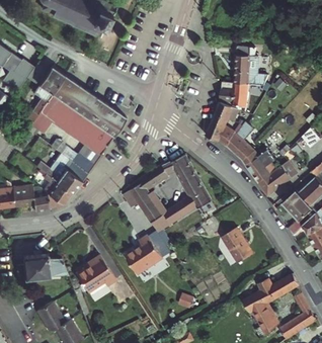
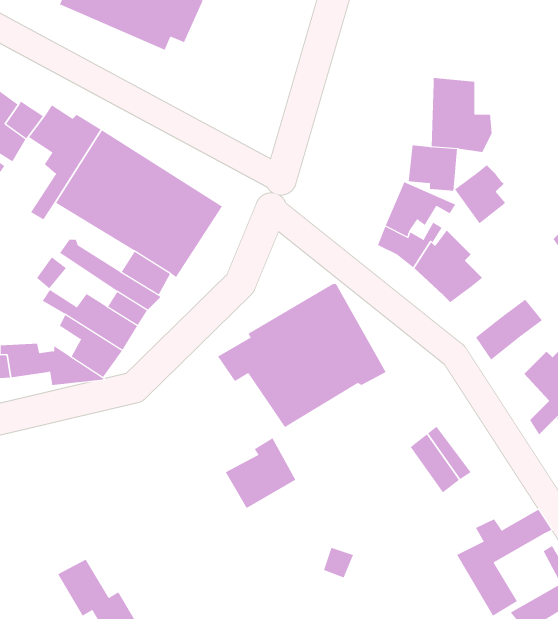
building: [245,153,272,184] -> [454,164,506,224]
building: [15,252,68,278] -> none
building: [77,253,116,290] -> none

